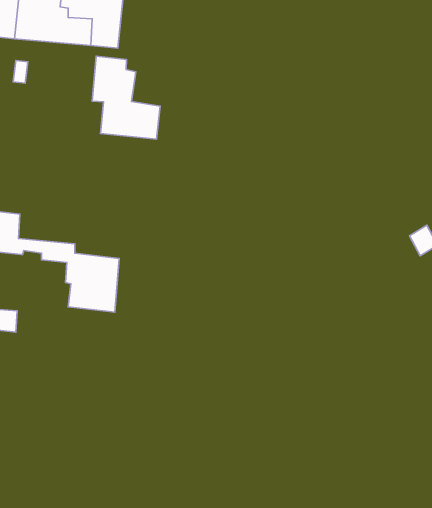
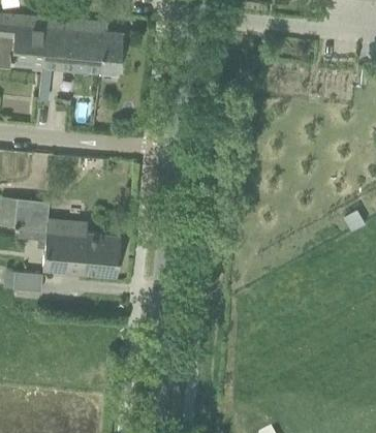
building: [92,56,160,139] -> none
building: none -> [41,228,83,272]

